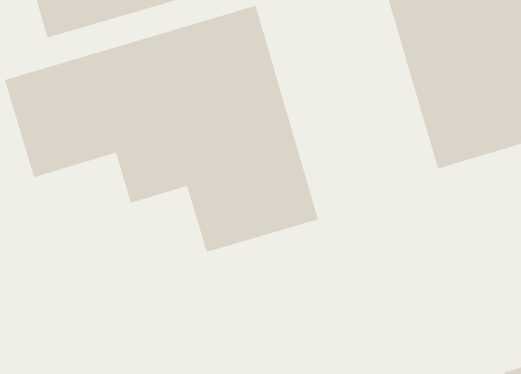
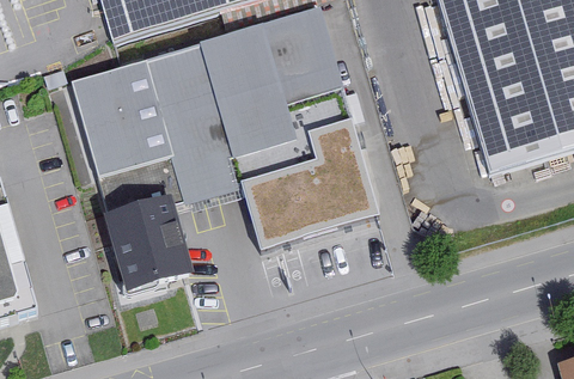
building: none -> [102,196,191,294]

